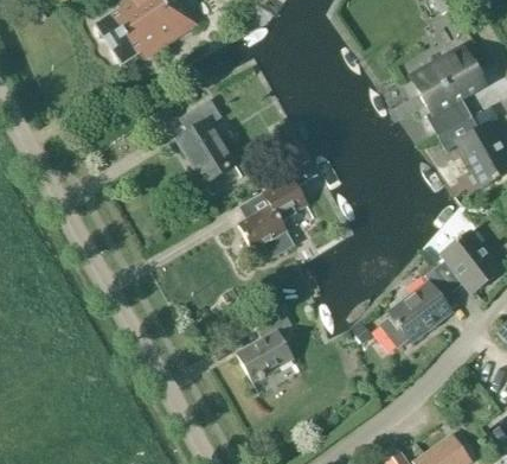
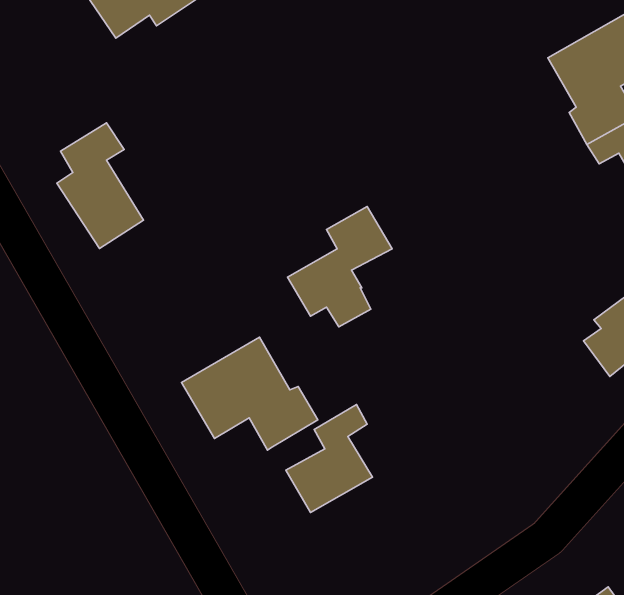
building: [178,98,236,183] -> [57,123,144,249]
building: none -> [182,337,318,450]
building: [380,267,454,348] -> none

